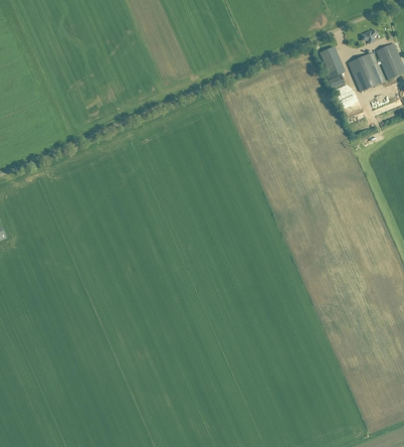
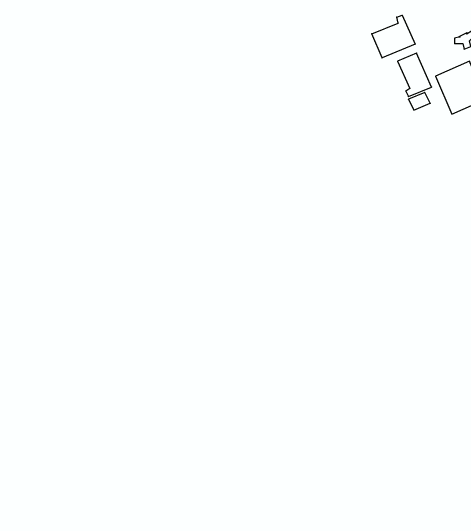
building: none -> [372,15,415,58]

